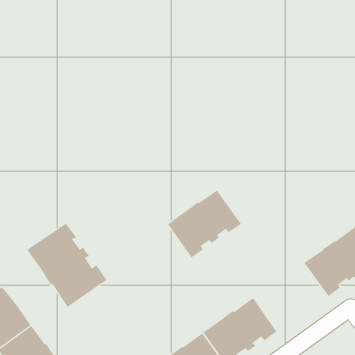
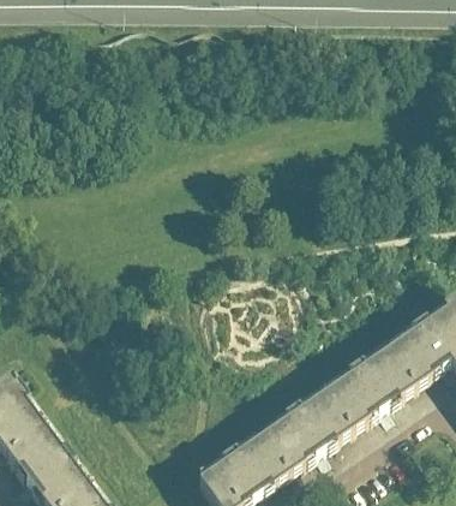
building: [167,189,242,258] -> [322,345,415,431]
building: [27,223,107,308] -> none

